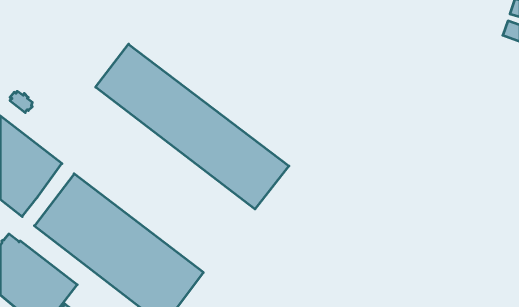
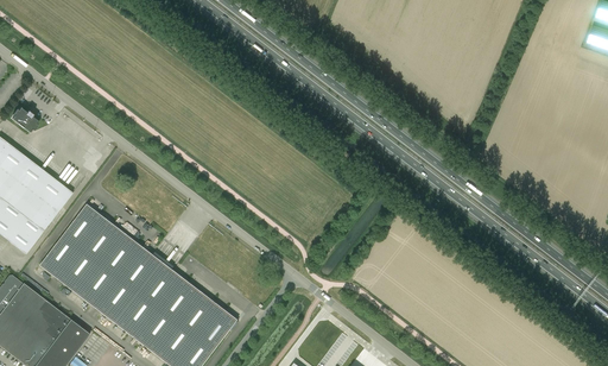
building: [96,44,289,209] -> none

